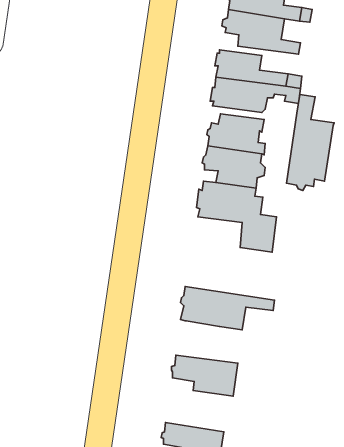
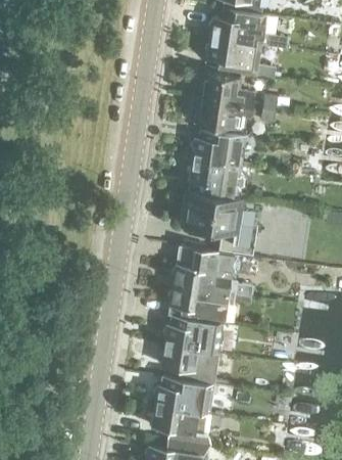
building: [286,95,334,190] -> none
building: none -> [170,245,252,296]
building: none -> [163,315,223,353]
building: none -> [153,375,214,415]

